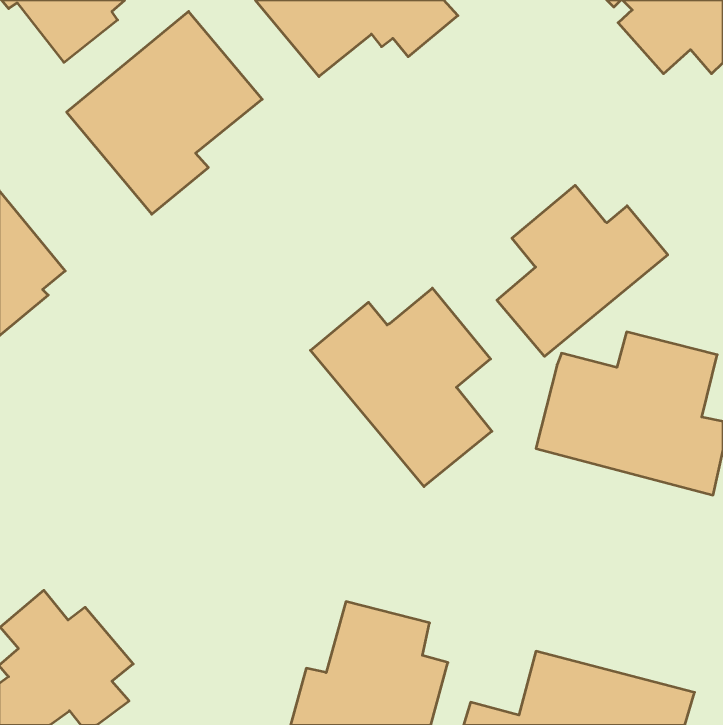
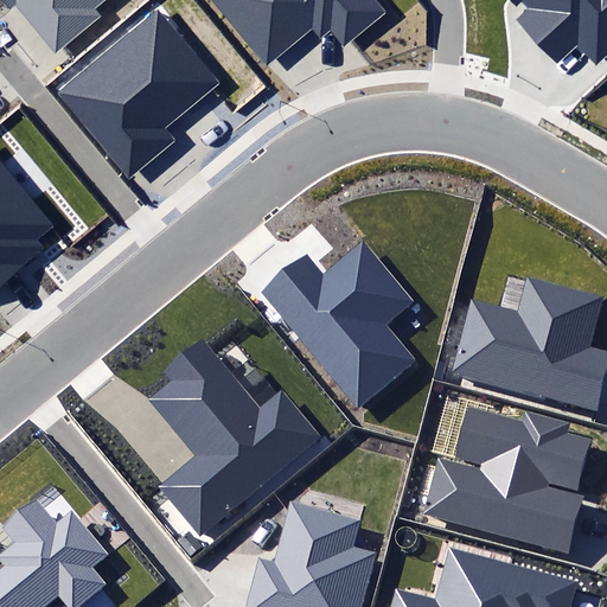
building: [497,185,668,356] -> none
building: none -> [148,339,318,538]
building: none -> [422,409,595,551]

